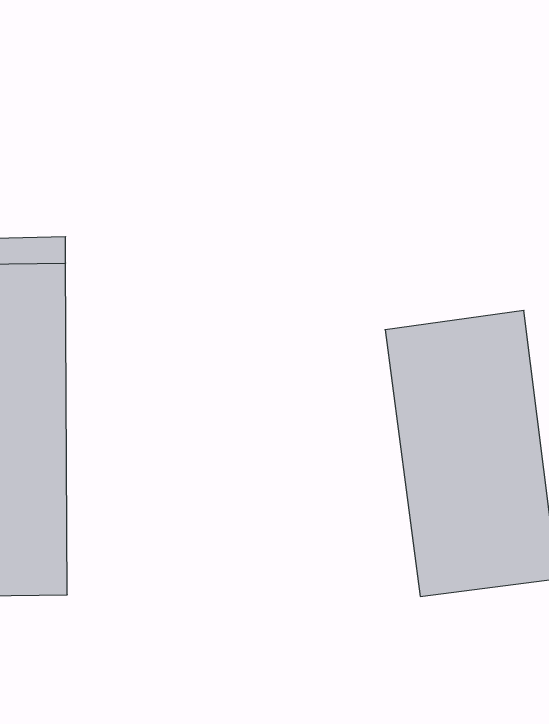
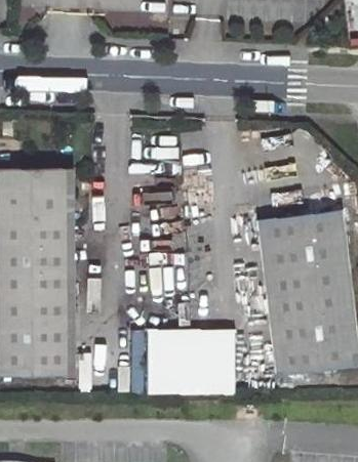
building: none -> [146,328,234,394]

